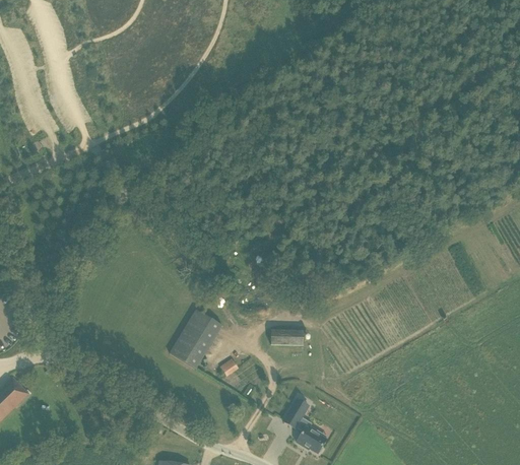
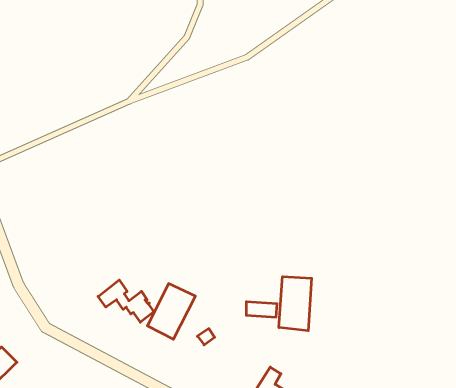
building: none -> [279,277,312,331]
building: none -> [98,280,154,322]

